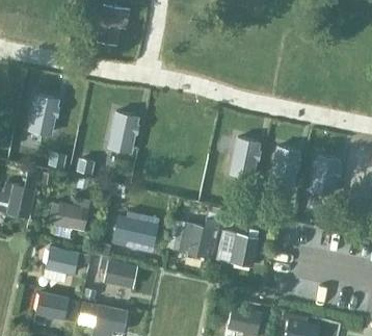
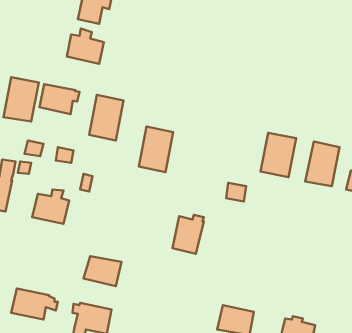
building: none -> [67,29,104,64]
building: none -> [40,84,79,114]
building: [229,137,261,180] -> [139,127,173,172]
building: [112,212,147,244] -> none
building: [215,230,259,268] -> none
building: [45,247,91,276] -> none

